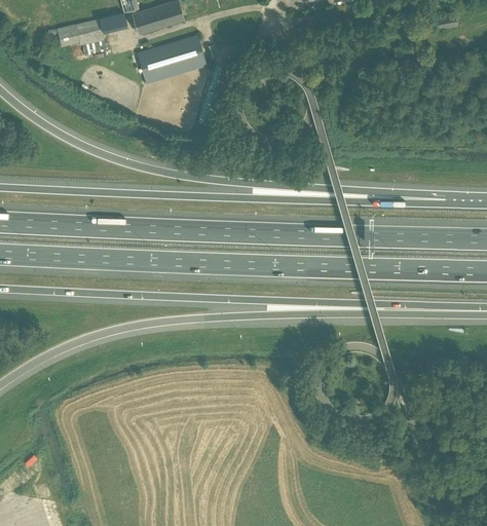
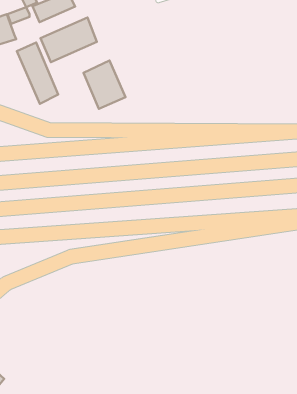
building: none -> [17,43,58,104]
building: none -> [83,61,126,109]

